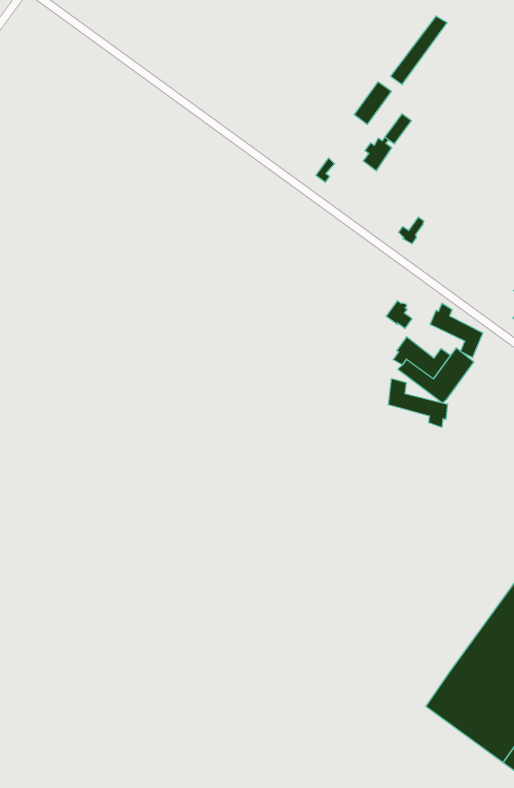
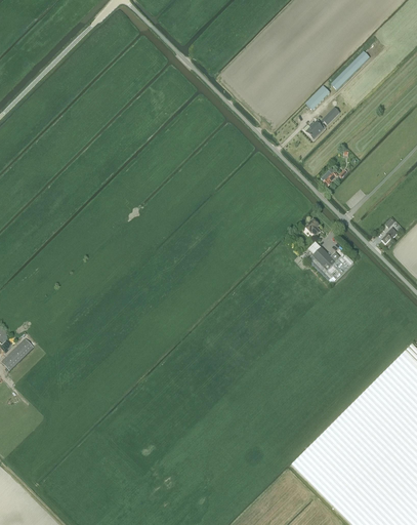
building: [430,303,483,358] -> none
building: [388,379,448,427] -> none

